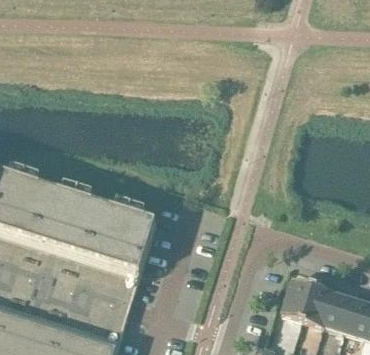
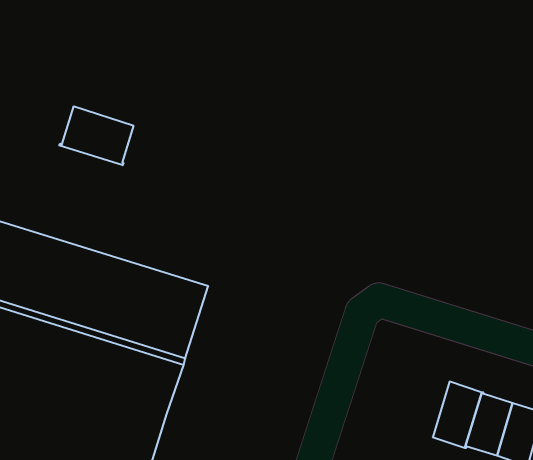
building: none -> [59,106,133,165]
building: [281,275,313,317] -> none

